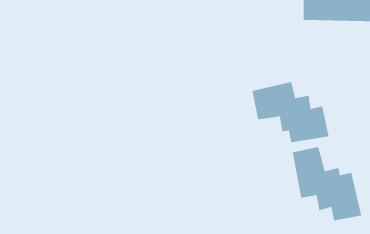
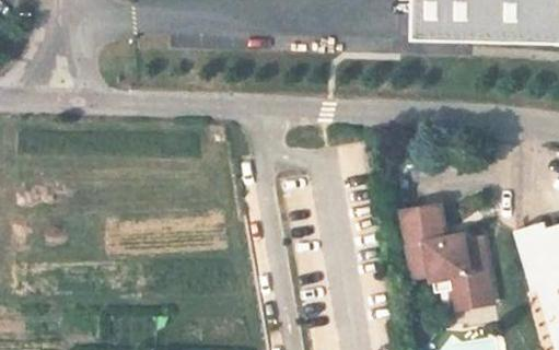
building: [251,81,330,143] -> none

